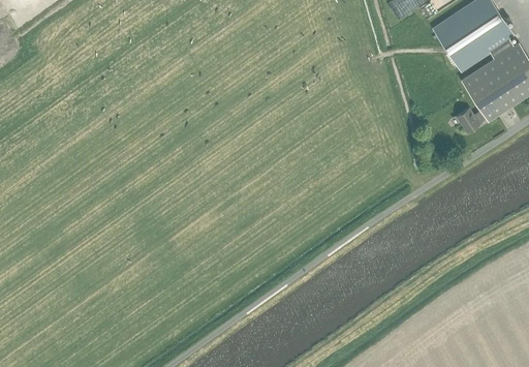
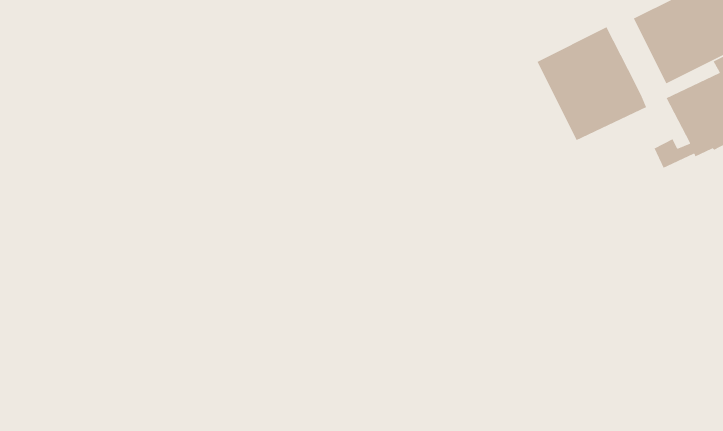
building: none -> [536,26,647,141]

